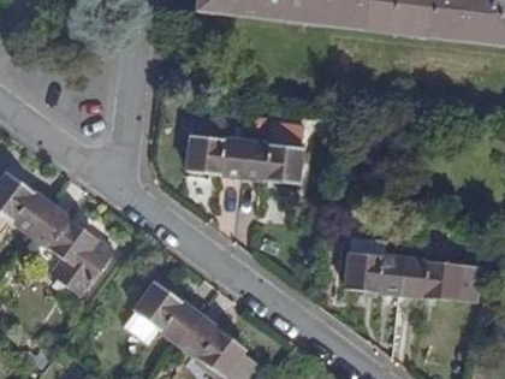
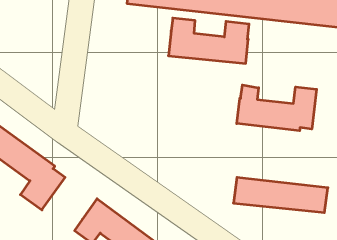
building: [189,118,302,182] -> [168,18,249,63]
building: none -> [237,85,317,131]

